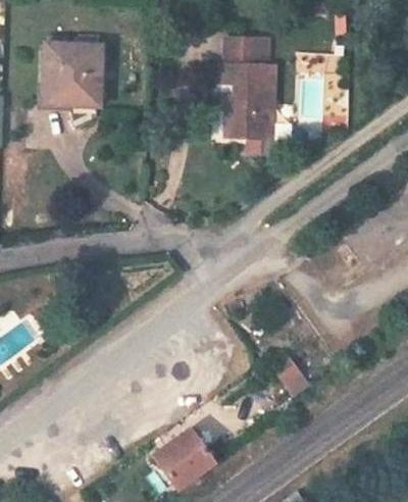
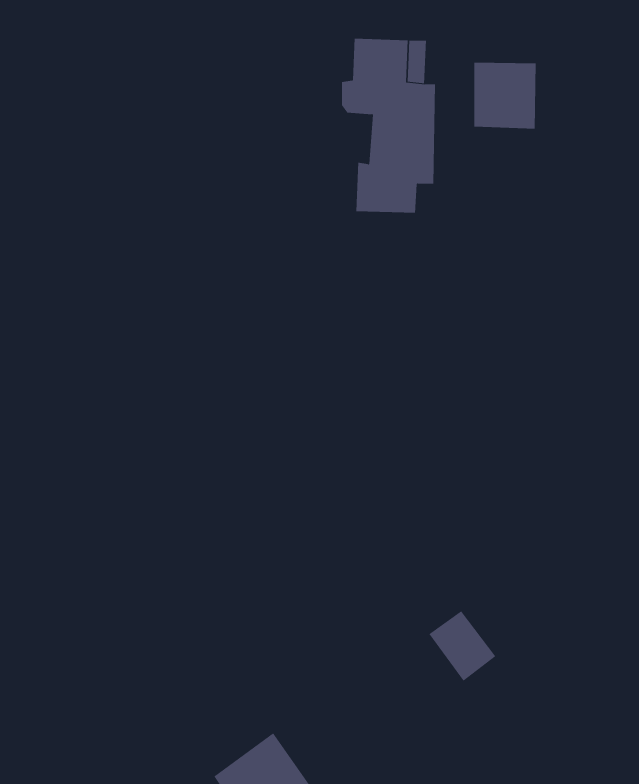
building: [41,45,96,112] -> none
building: none -> [474,62,536,129]

